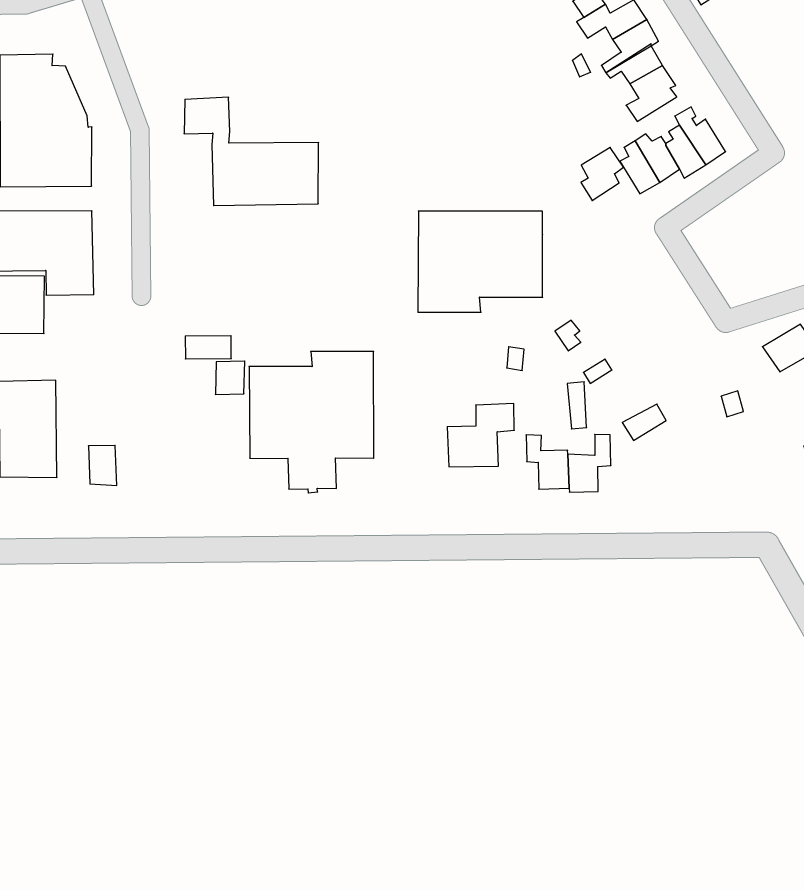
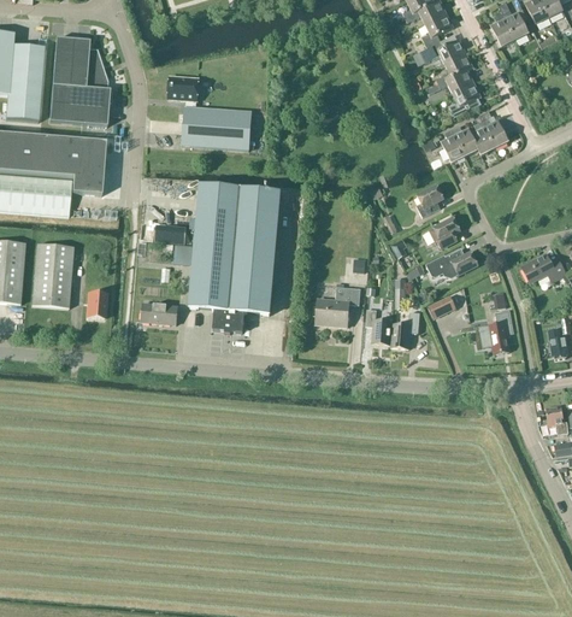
building: [581,147,623,201] -> [415,183,443,216]
building: [418,211,543,312] -> [195,184,279,252]
building: none -> [427,216,460,247]
building: none -> [425,247,478,275]
building: none -> [479,310,512,353]
building: none -> [141,302,177,323]

